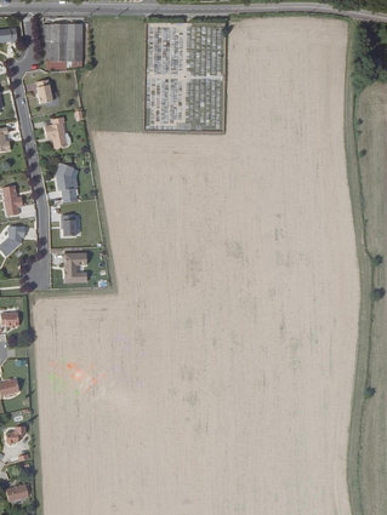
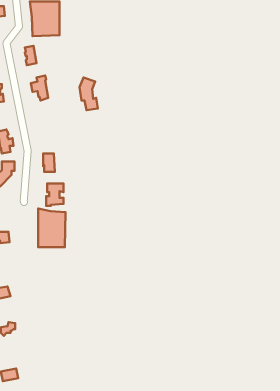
building: [55,162,78,204] -> [80,78,98,110]
building: none -> [38,209,66,247]

